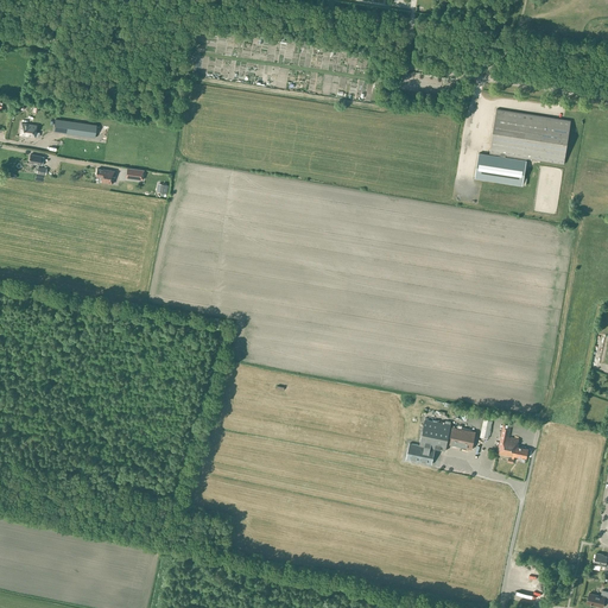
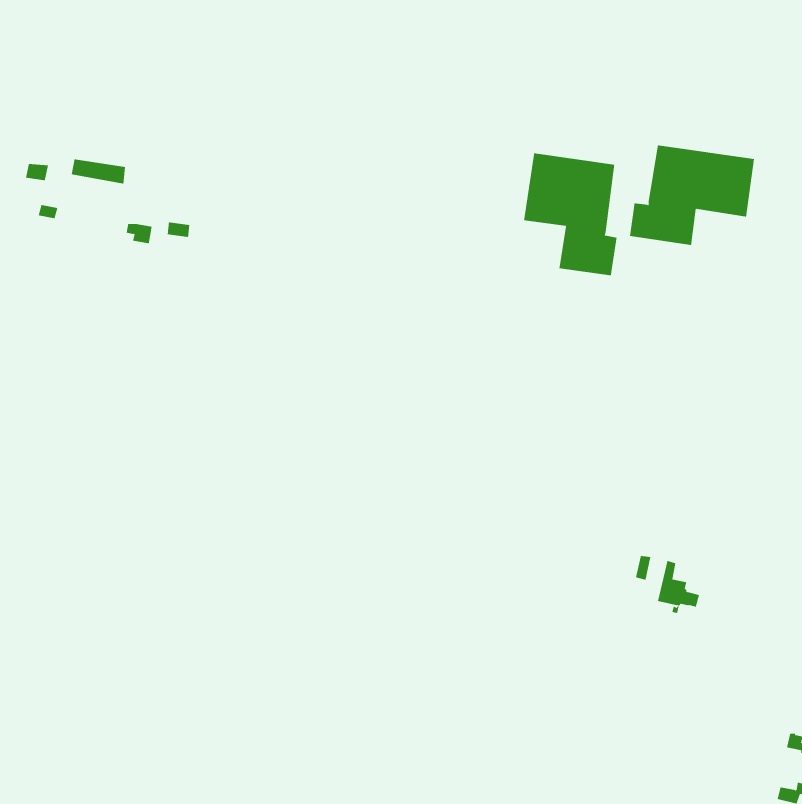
building: none -> [523,152,617,276]
building: [407,419,476,464] -> none

